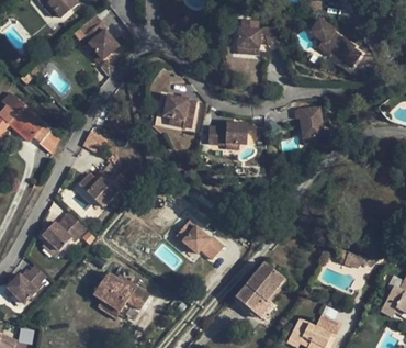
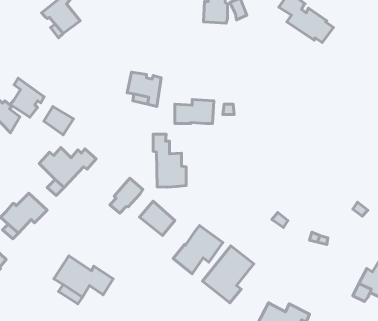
building: none -> [10,78,44,117]
building: [295,105,324,138] -> none
building: none -> [153,134,186,187]
building: none -> [110,178,143,213]
building: none -> [173,225,223,274]

